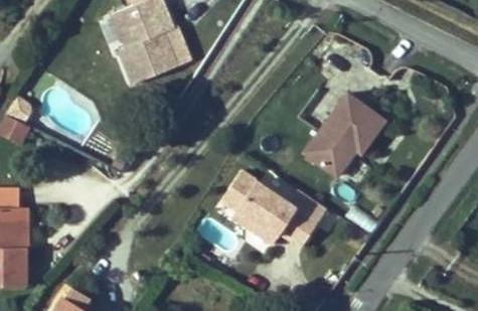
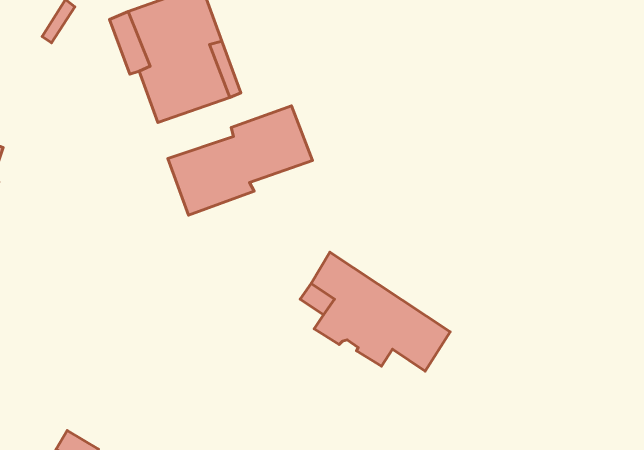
building: none -> [168,106,312,215]
building: [306,93,384,174] -> none

